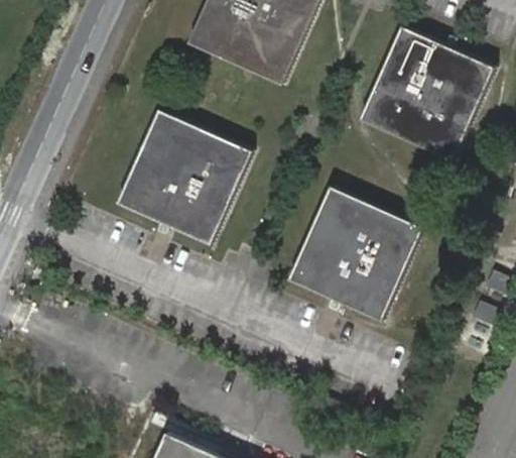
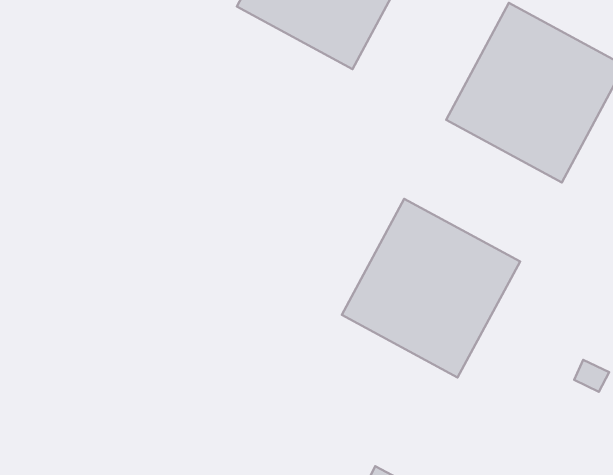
building: [115,108,252,246] -> none

